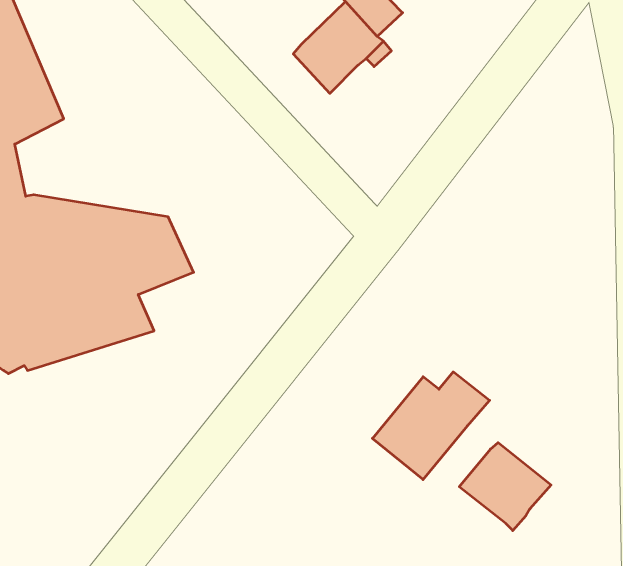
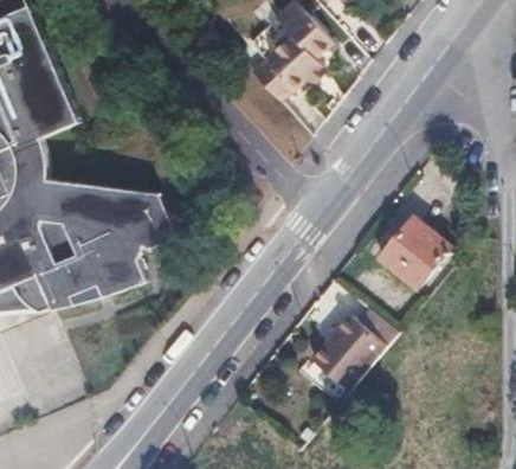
building: none -> [380,219,447,287]
building: [459,443,551,531] -> none

